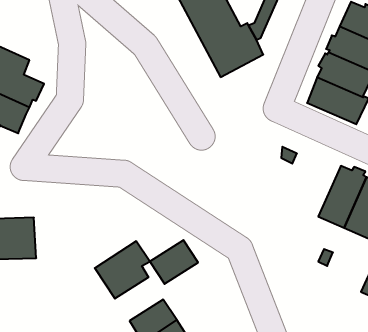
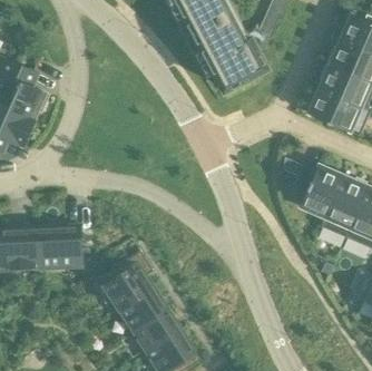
building: none -> [293,165,343,216]
building: none -> [39,225,81,267]
building: [150,240,198,284] -> [119,286,167,330]

